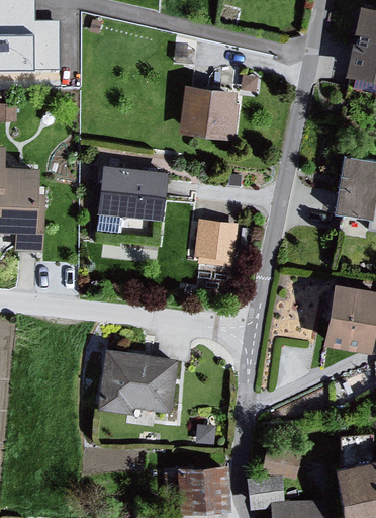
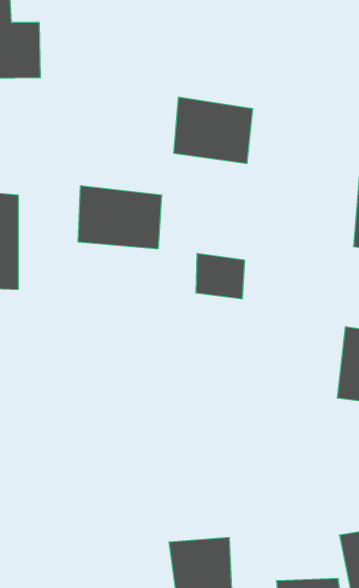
building: [98,350,178,417] -> none

